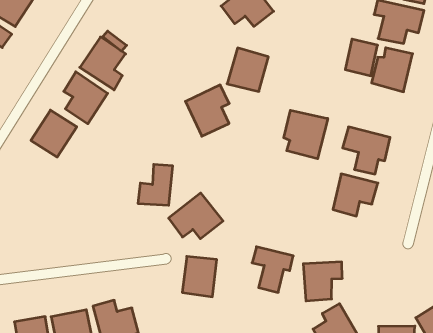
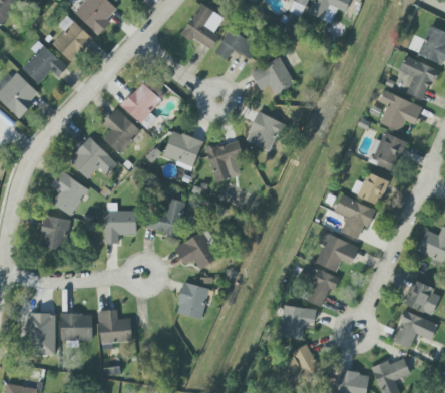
building: [345,39,378,76] -> [357,171,388,206]
building: none -> [162,130,202,170]
building: [284,110,328,159] -> none
building: none -> [52,174,85,214]
building: none -> [104,203,136,244]
building: none -> [38,215,69,251]
building: [252,247,293,292] -> [303,265,339,307]

